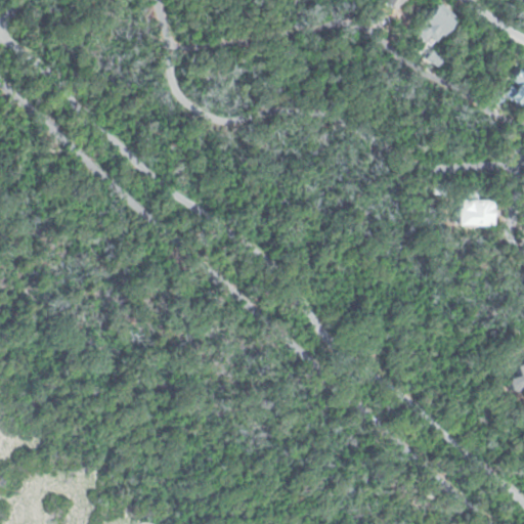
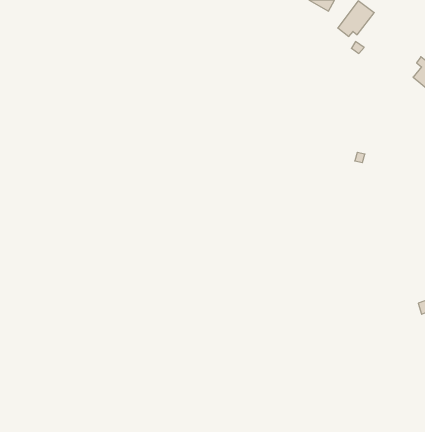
building: [463,202,495,226] -> none

